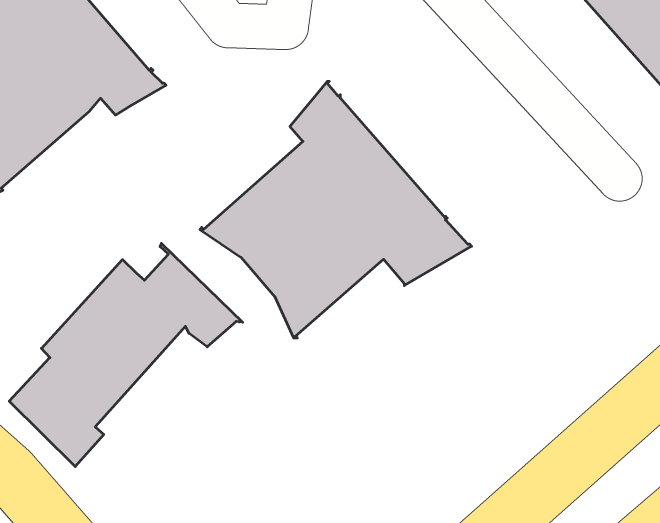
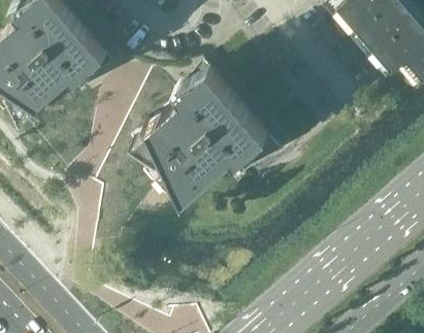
building: [9,243,243,467] -> none

